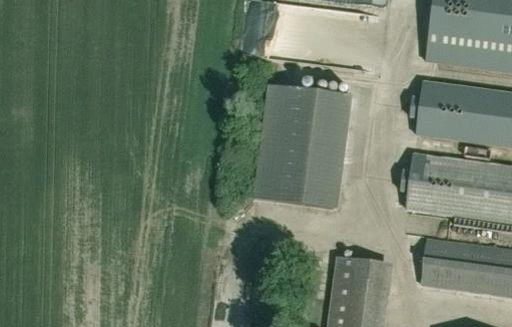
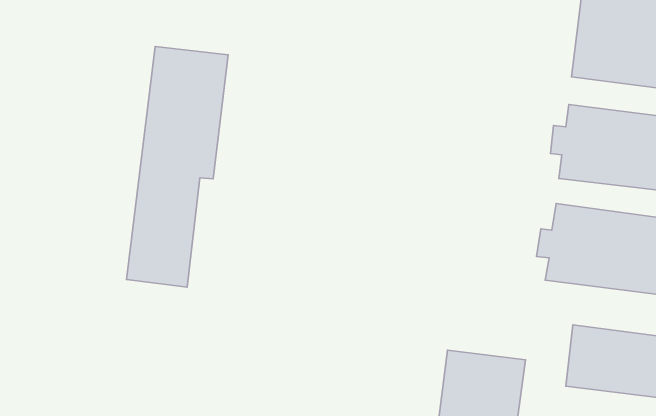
building: none -> [126,46,228,287]
building: [254,85,350,209] -> none

